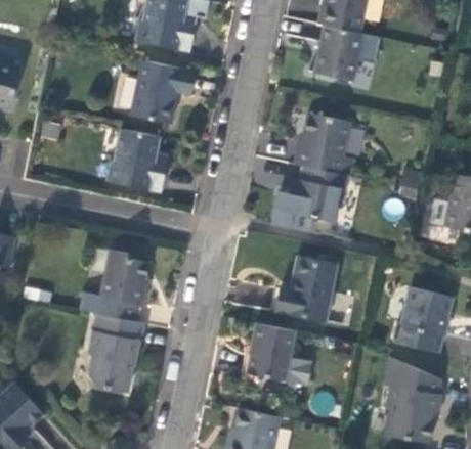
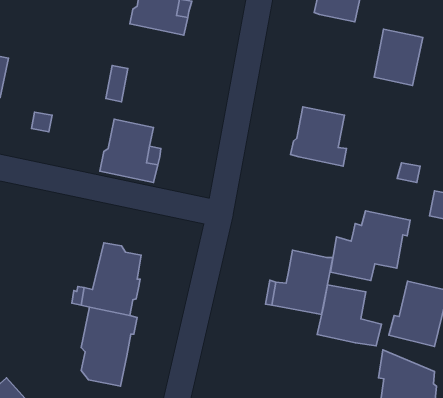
building: [315,25,363,80] -> [374,29,423,85]
building: [132,59,197,122] -> none
building: [269,165,348,233] -> [330,211,410,280]
building: [248,323,311,384] -> [317,285,381,346]

